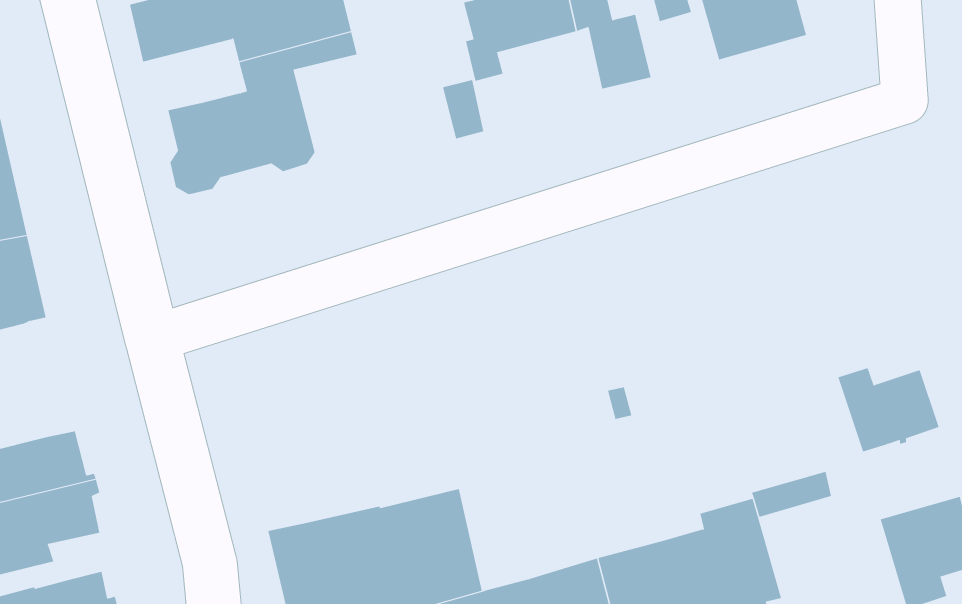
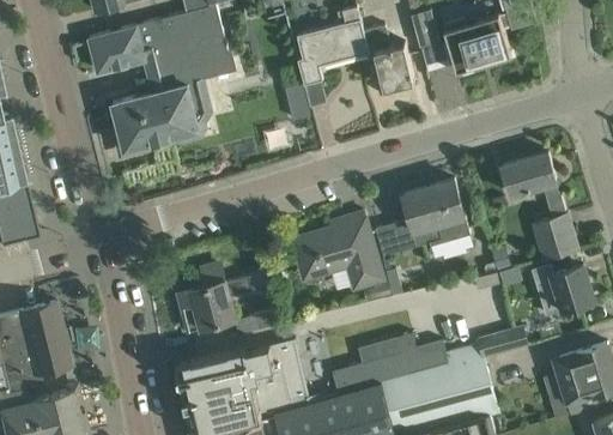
building: none -> [502,152,577,260]
building: none -> [375,180,469,258]
building: none -> [291,212,383,289]
building: none -> [180,265,281,336]
building: none -> [332,333,421,395]

